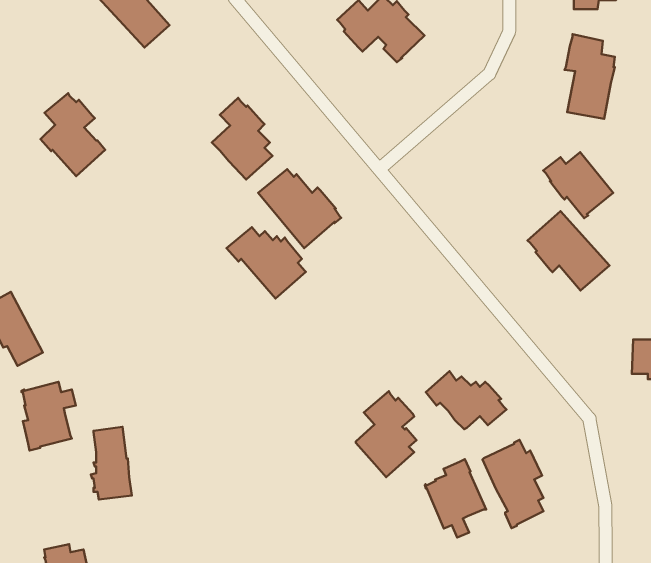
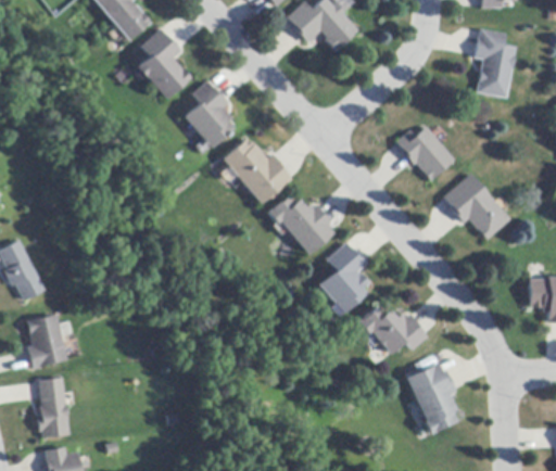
building: [41,93,105,176] -> [136,29,189,98]
building: [543,152,613,218] -> [396,126,454,180]
building: [227,227,306,298] -> [267,195,332,254]
building: [356,391,417,477] -> [318,242,368,313]
building: [91,427,132,500] -> [37,378,71,437]
building: [425,459,486,537] -> none

